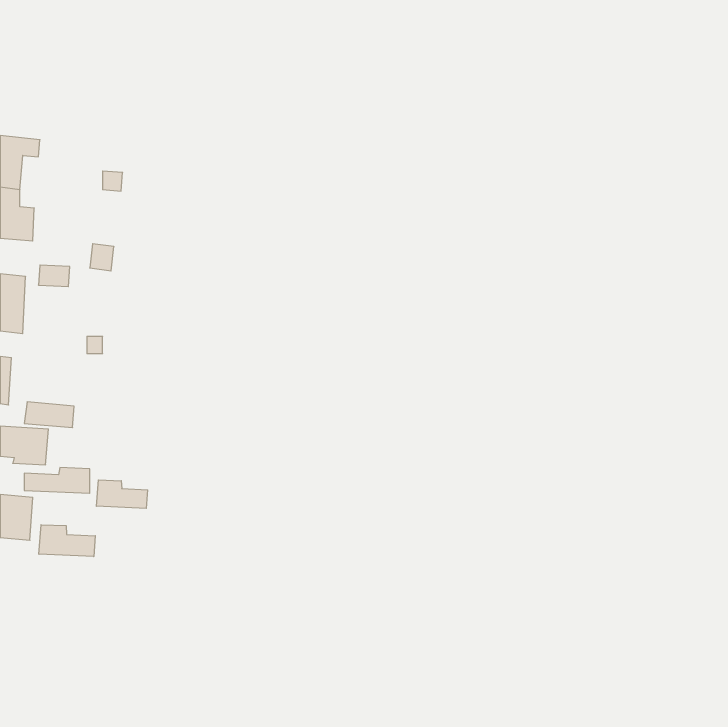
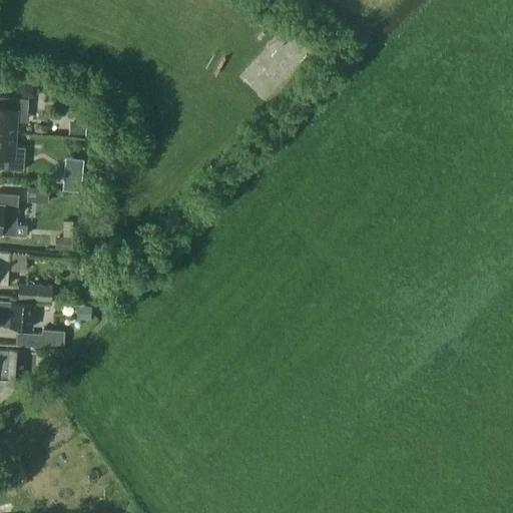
building: [96,480,148,508] -> none
building: [39,525,95,557] -> none

